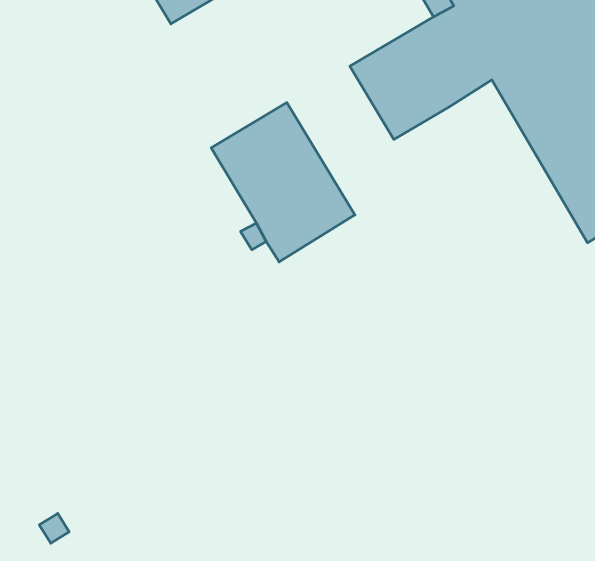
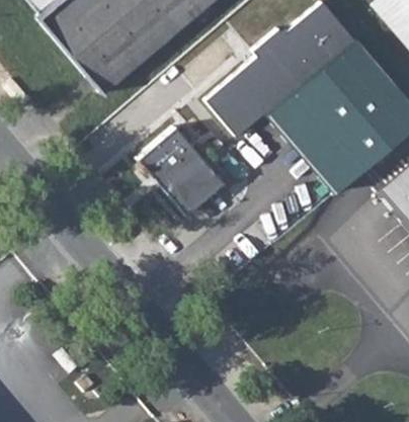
building: none -> [269,92,359,192]

